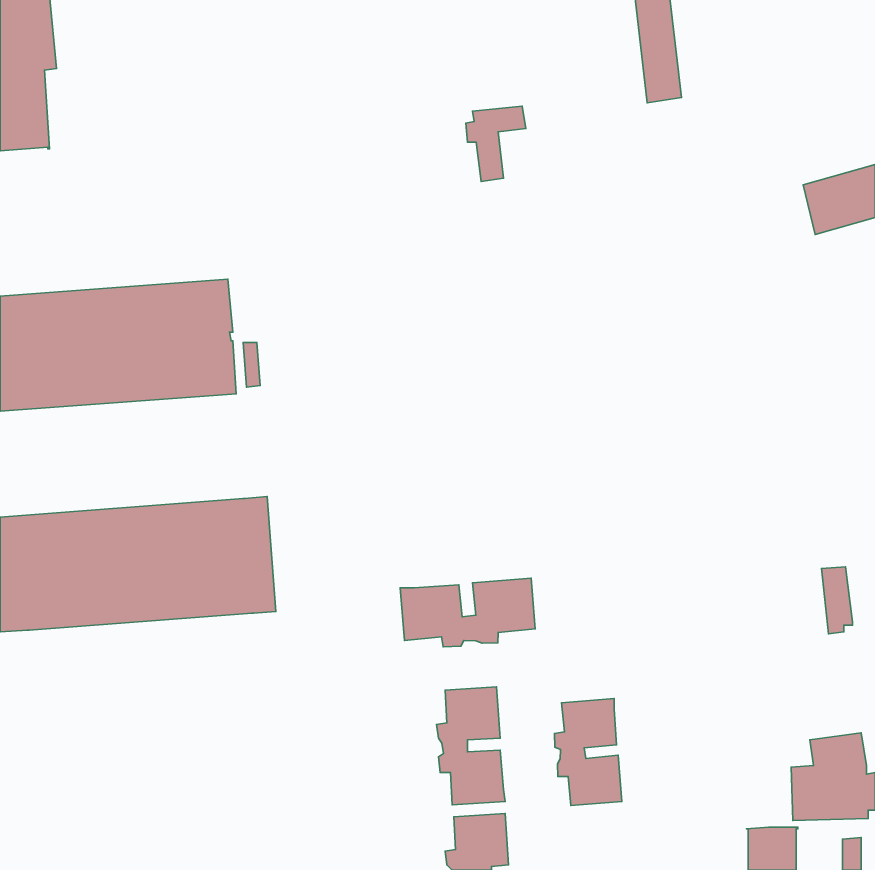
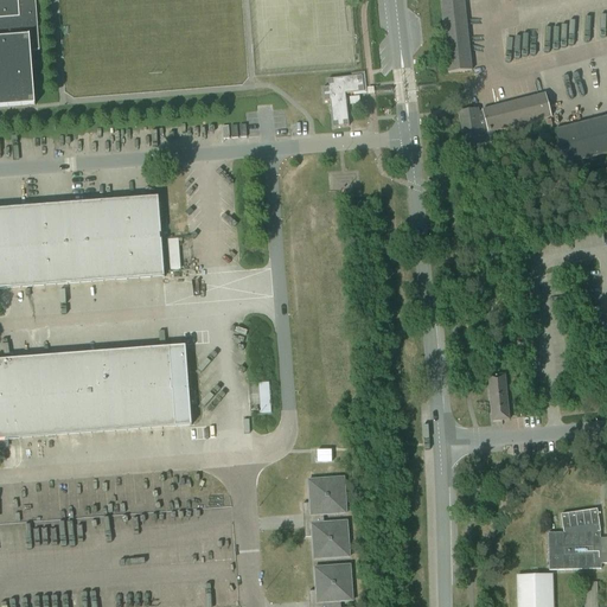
building: none -> [460,91,551,143]
building: [822,567,852,634] -> [487,372,509,418]
building: [400,578,535,647] -> none
building: [554,698,622,806] -> none

